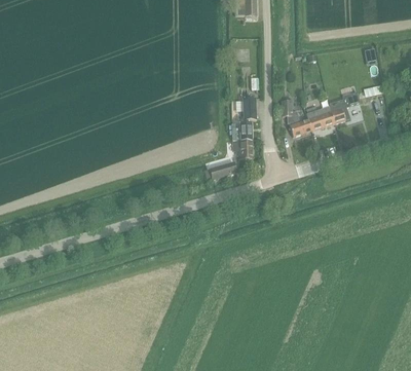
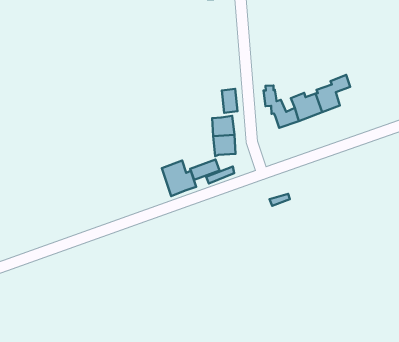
building: none -> [162,161,196,196]

